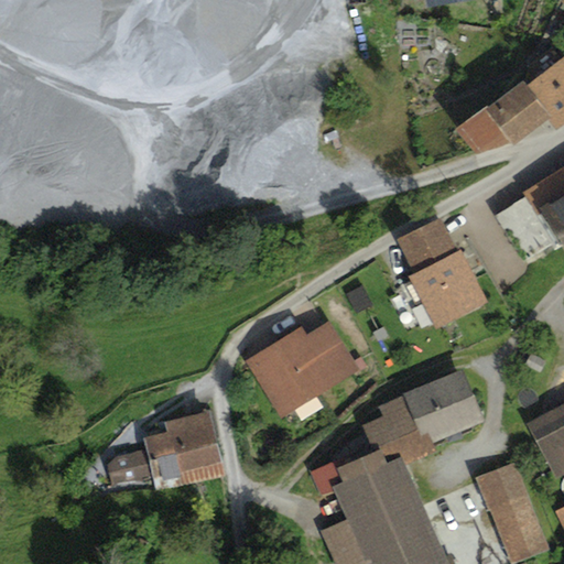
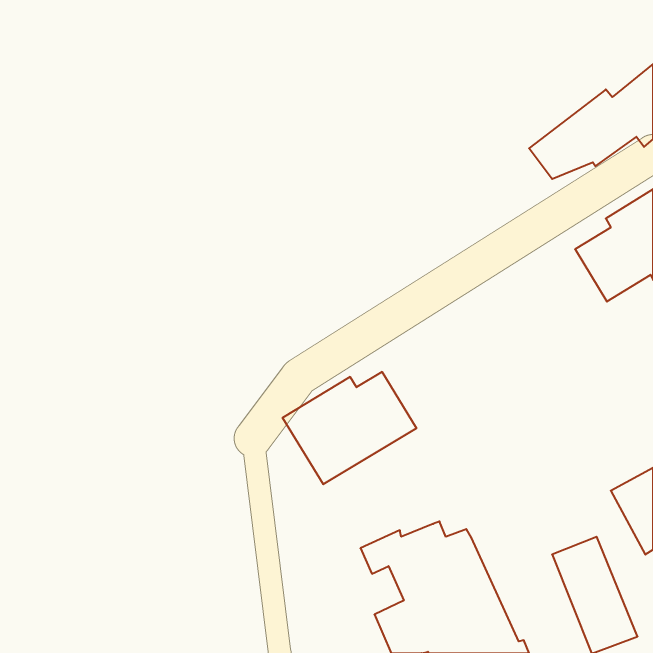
building: [398,217,482,324] -> none
building: [362,369,485,464] -> none
building: [107,411,224,490] -> none

